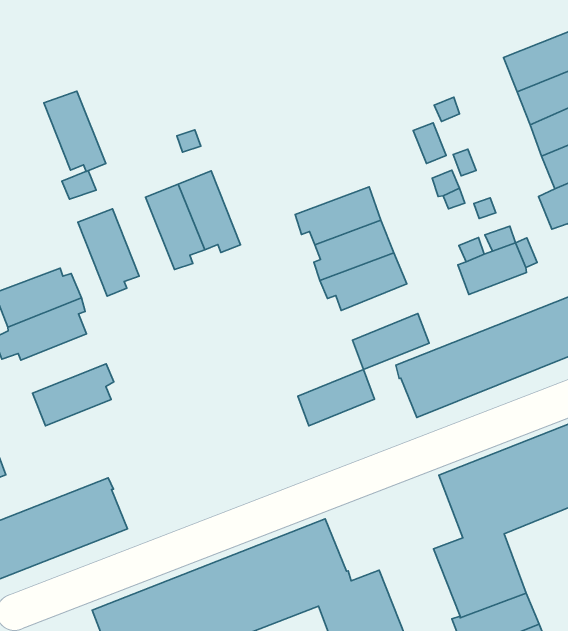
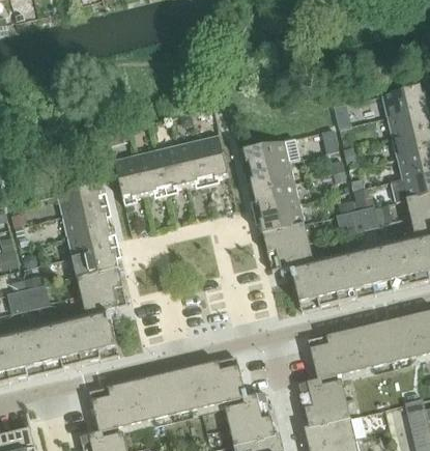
building: [44,91,106,171] -> [135,147,167,196]
building: none -> [240,136,299,170]
building: none -> [197,132,228,184]
building: none -> [67,224,118,255]
building: [298,370,374,426] -> [263,221,309,250]
building: none -> [77,265,127,313]

